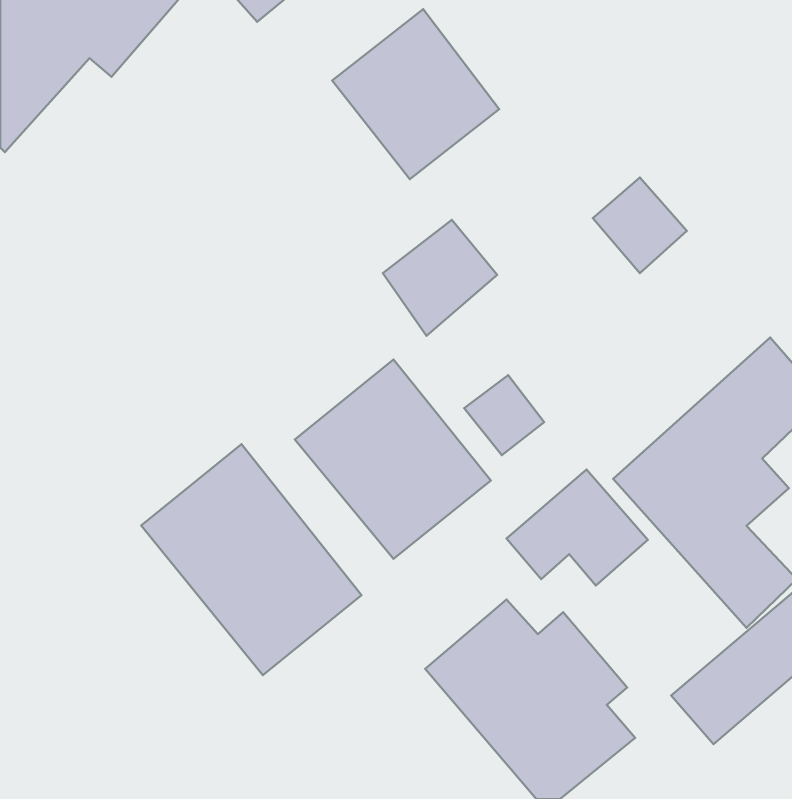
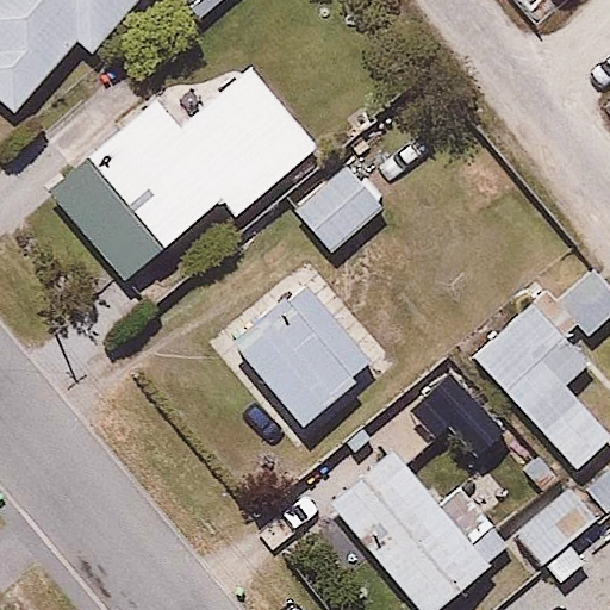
building: [332,9,499,179] -> none
building: none -> [45,69,318,276]
building: [141,444,361,675] -> none

